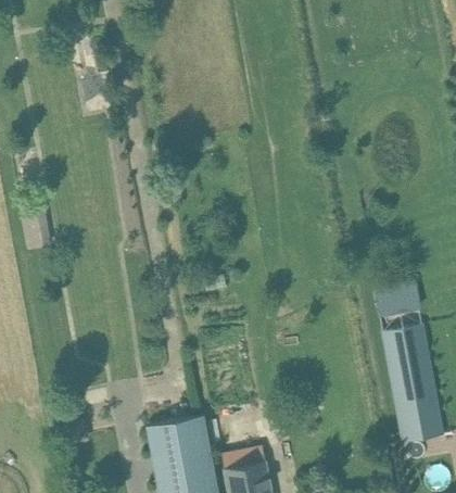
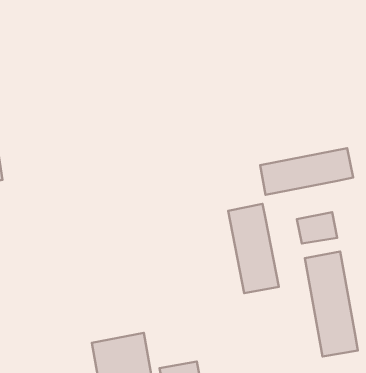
building: none -> [260,148,353,195]
building: none -> [228,204,279,293]

